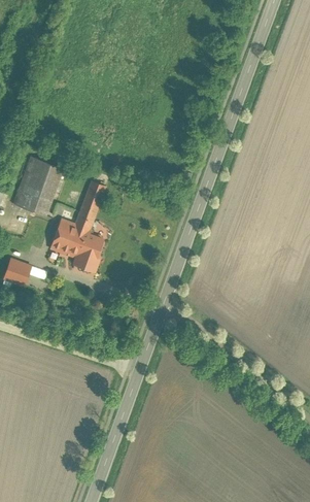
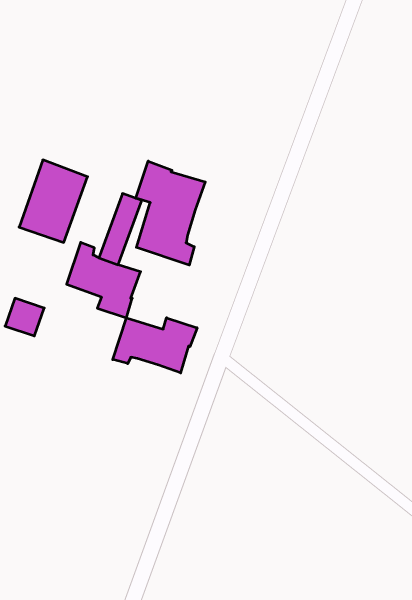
building: none -> [136,161,205,265]
building: none -> [113,318,197,373]

